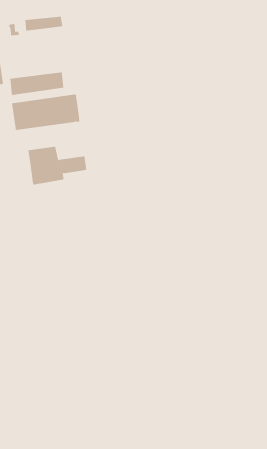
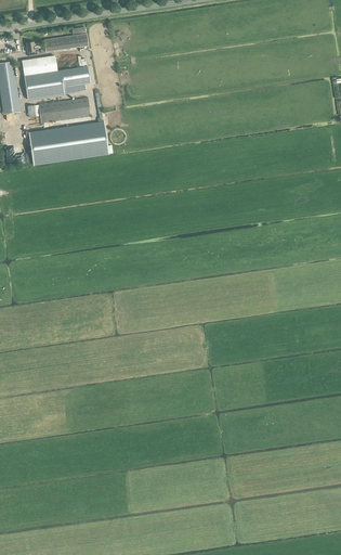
building: [27,146,87,185] -> [22,56,90,101]

